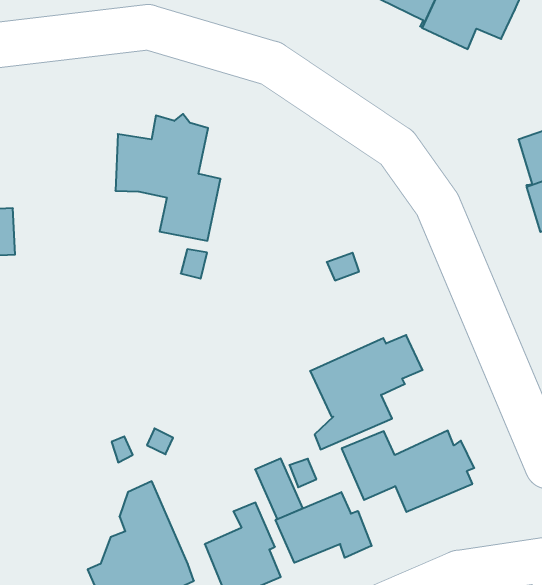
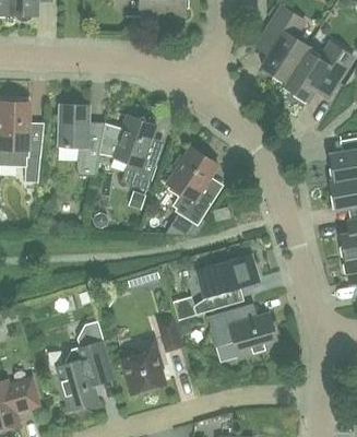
building: none -> [57,104,105,176]
building: none -> [167,146,218,225]
building: [276,492,372,563] -> none

